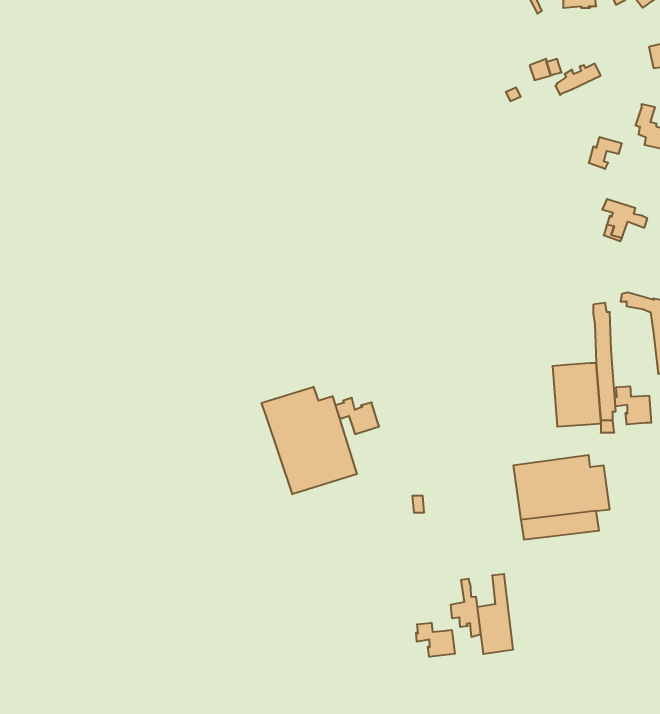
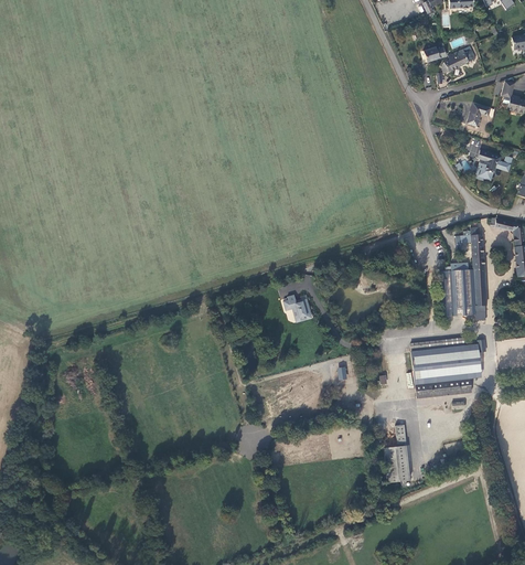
building: [615,386,651,425] -> none
building: [262,387,357,494] -> none
building: [451,579,480,637] -> none
building: [416,623,455,657] -> none

